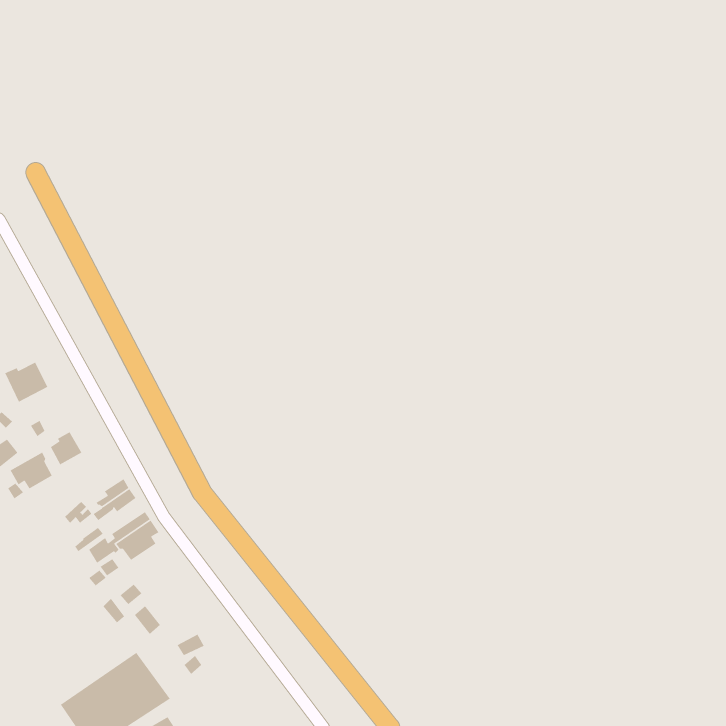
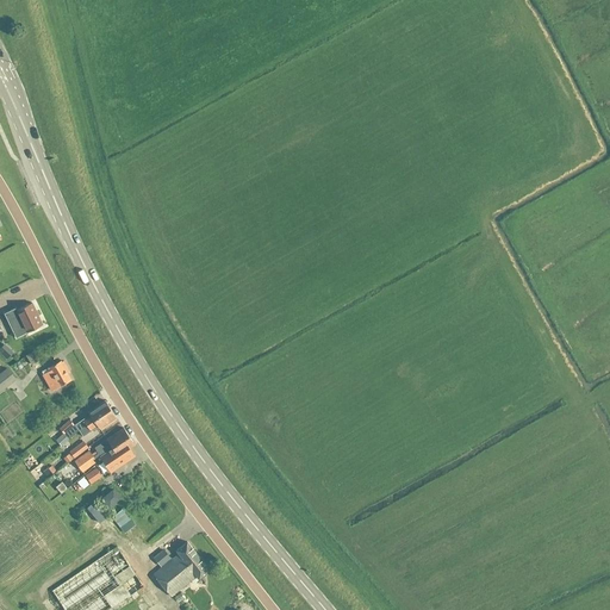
building: [9,451,53,489] -> none
building: none -> [152,542,208,597]

